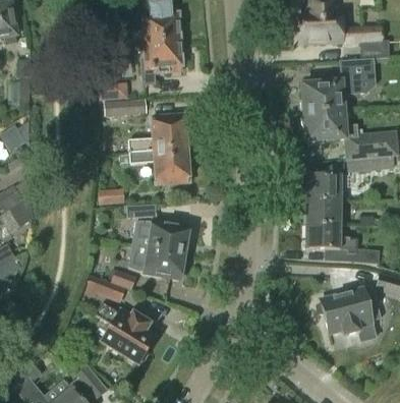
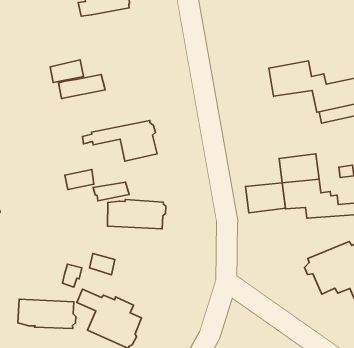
building: [140,39,182,84] -> none
building: [303,60,375,113] -> none
building: [127,116,188,153] -> none
building: [304,175,340,200] -> [245,183,285,213]
building: [128,244,184,279] -> [18,299,76,329]

